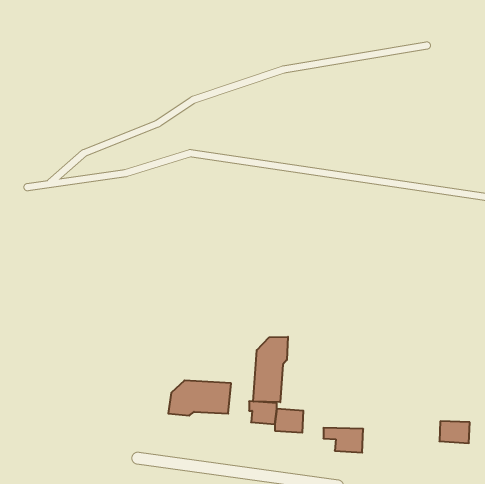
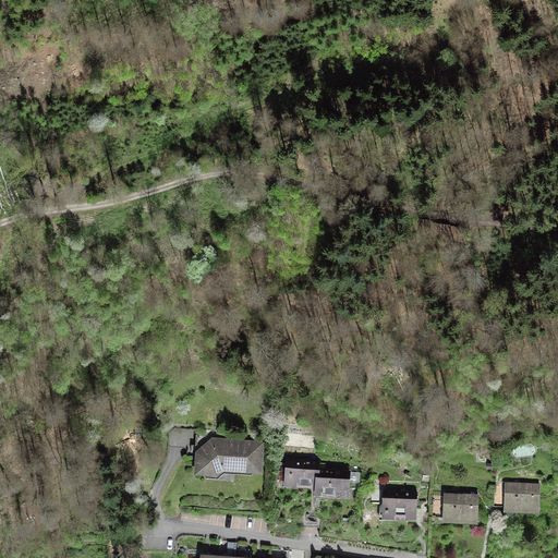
building: [253,337,288,402] -> none
building: none -> [429,496,477,521]

